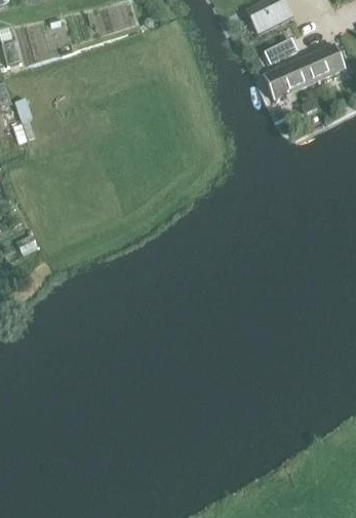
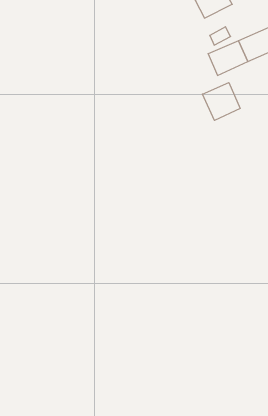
building: none -> [202,83,240,120]

